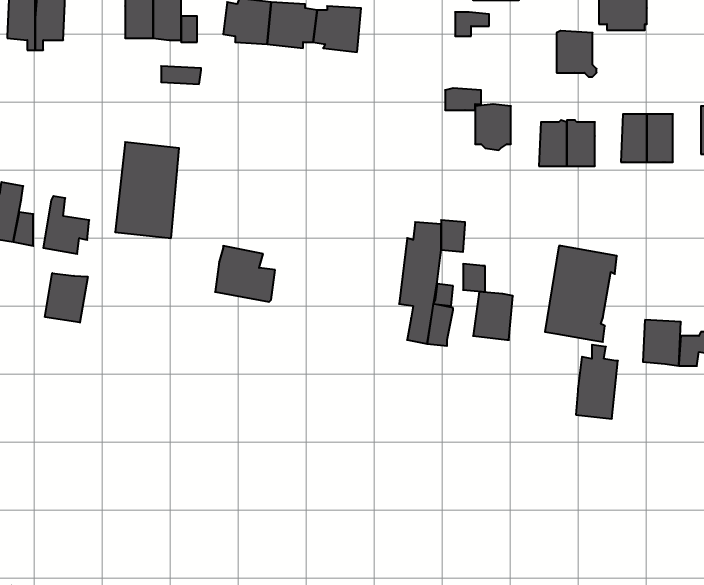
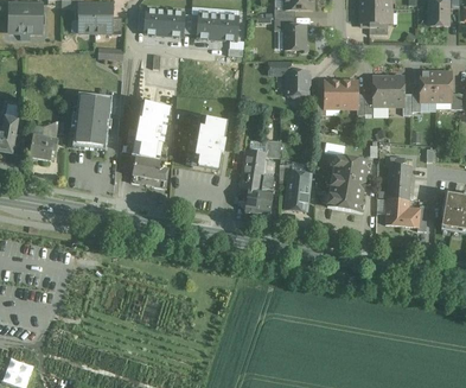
building: none -> [216,13,238,40]
building: [557,31,597,77] -> [283,24,307,51]
building: none -> [133,102,171,159]
building: none -> [190,113,230,172]
building: [45,273,88,323] -> none
building: [576,345,618,419] -> [387,155,411,199]

